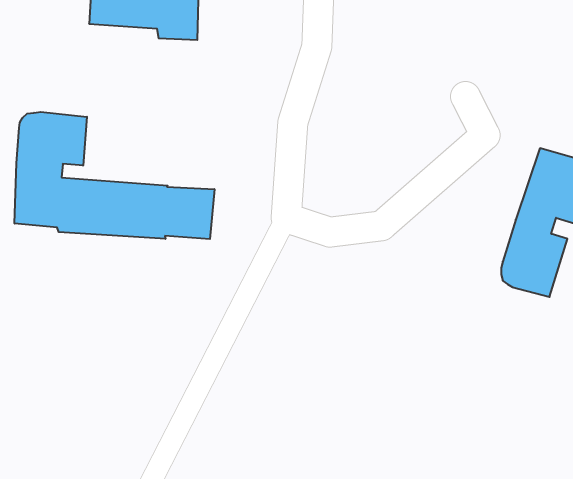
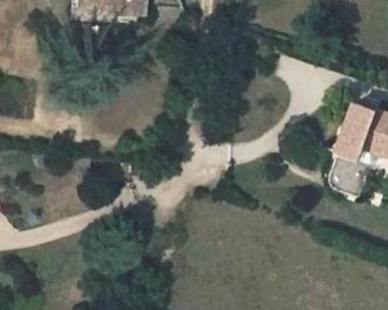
building: [15,112,214,239] -> none

